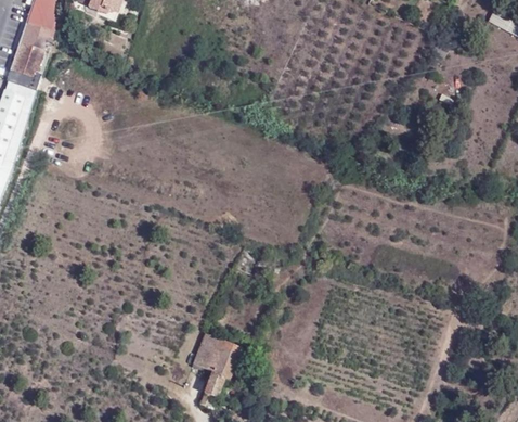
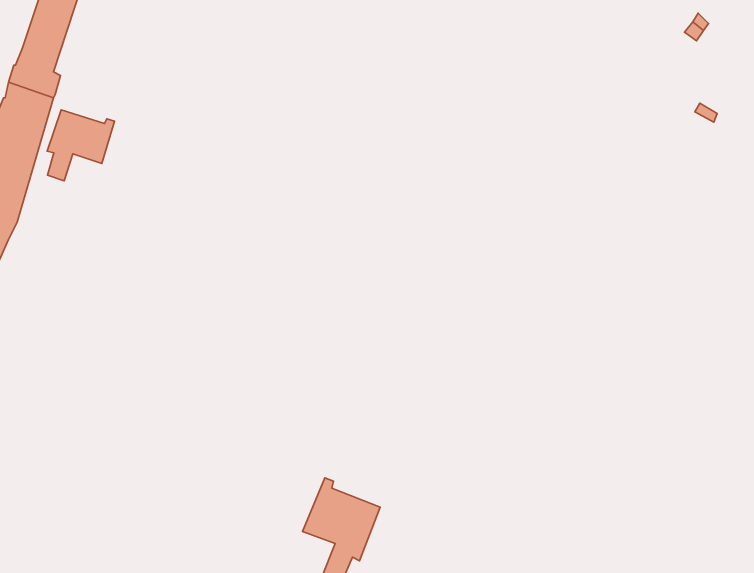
building: none -> [47,110,115,181]

